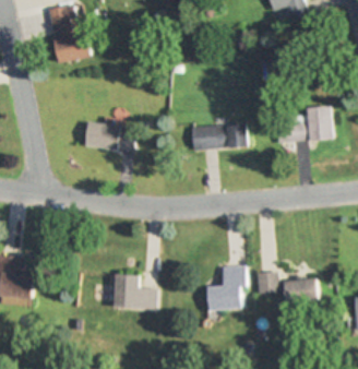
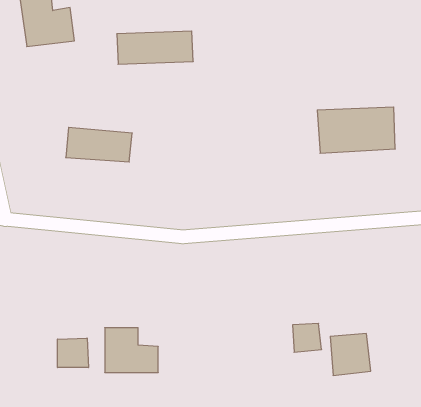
building: [190,123,248,148] -> [117,31,193,64]
building: [205,264,246,310] -> none
building: none -> [58,338,88,368]

